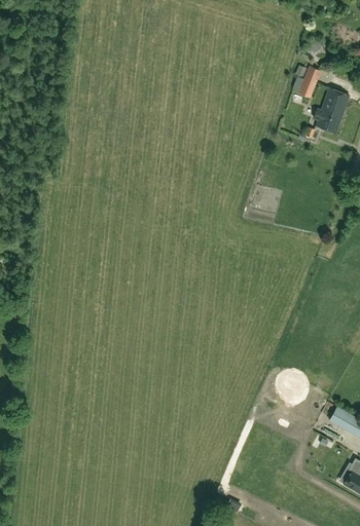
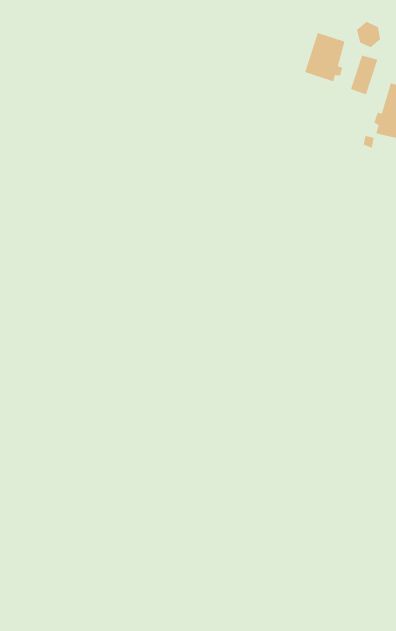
building: none -> [304,32,345,82]

